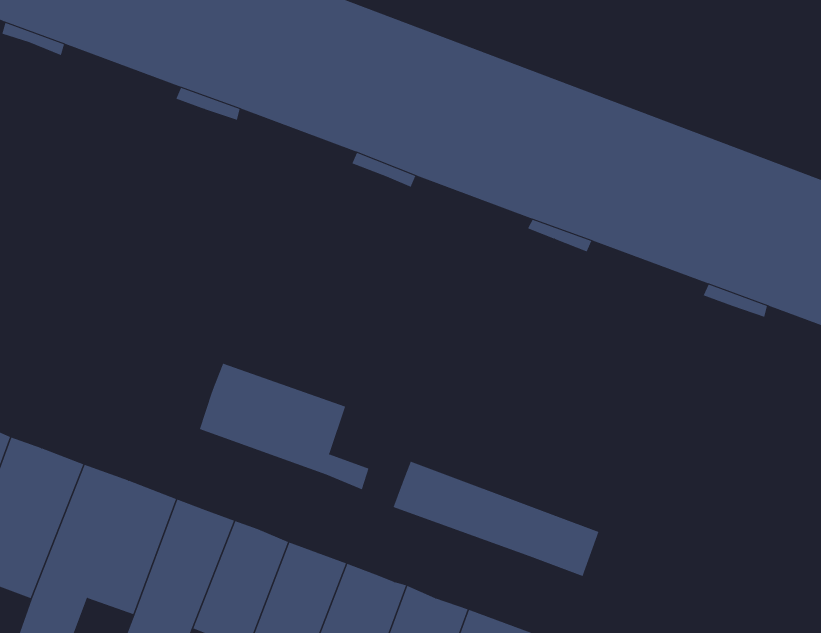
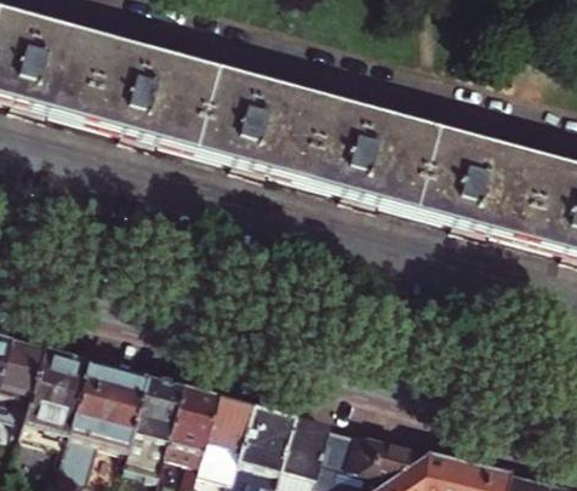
building: [199,363,369,490] -> none
building: [393,461,599,577] -> none

